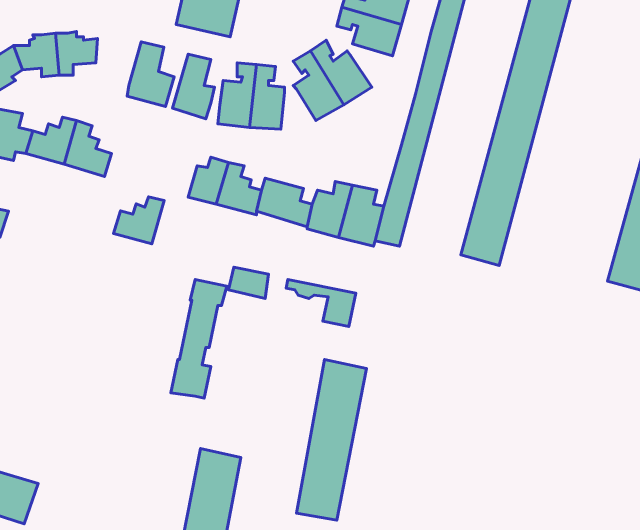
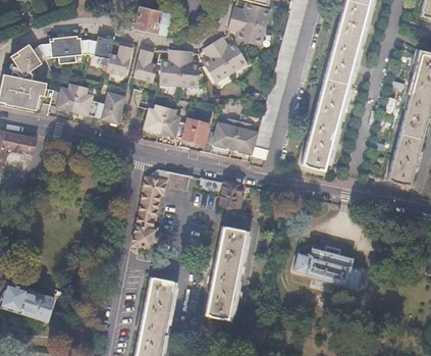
building: none -> [89,33,116,64]
building: [113,197,164,244] -> [94,96,123,123]
building: none -> [295,246,363,287]

